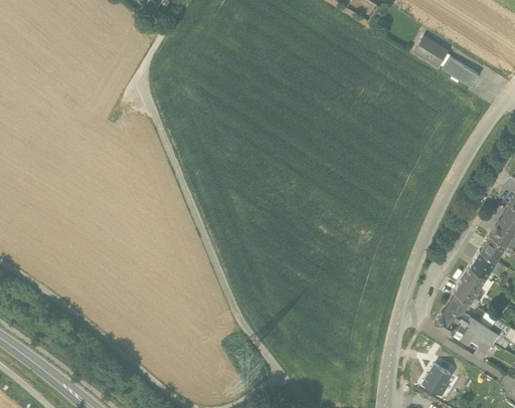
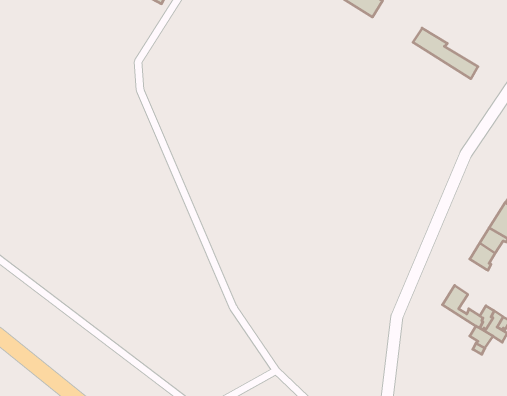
building: [455,265,487,301] -> none
building: [435,311,477,345] -> none
building: [423,363,452,394] -> none

